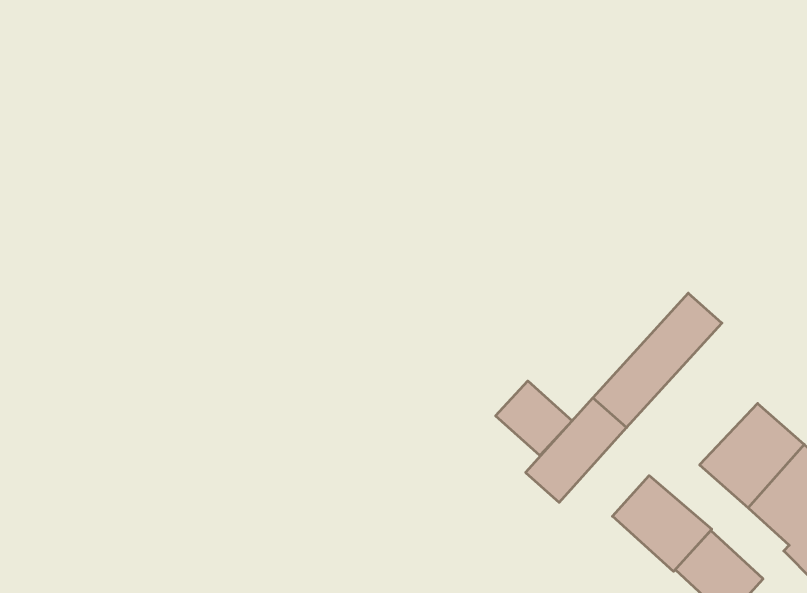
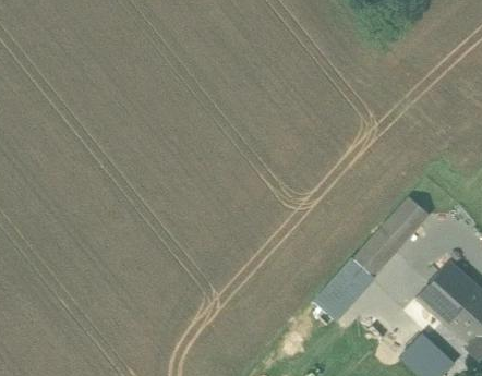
building: [496,381,572,456] -> none
building: [612,476,712,571] -> none

